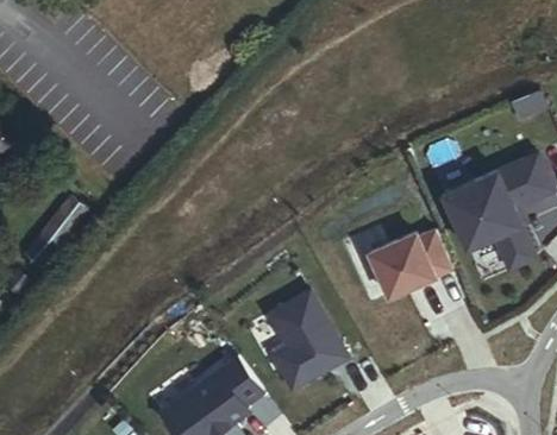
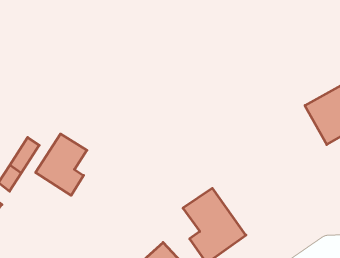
building: none -> [36,134,87,195]
building: [369,229,452,295] -> none

